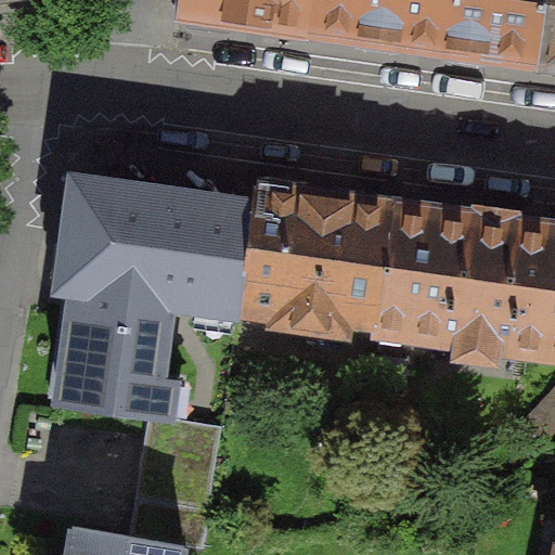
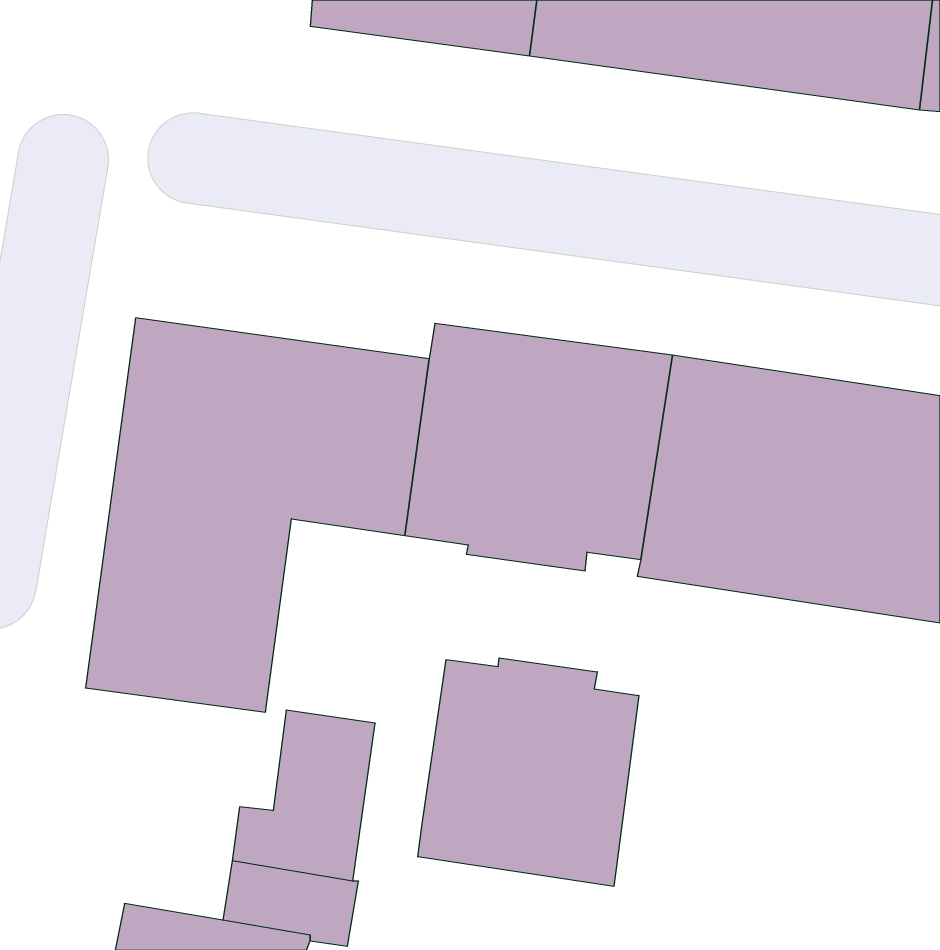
building: none -> [418,658,639,886]

